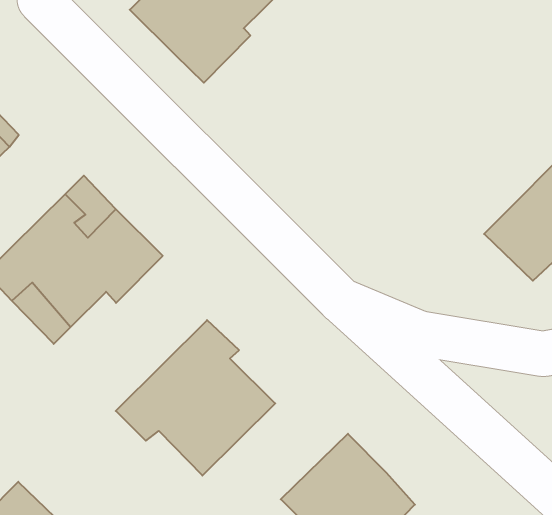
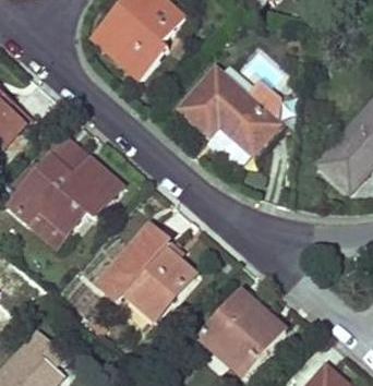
building: none -> [181,68,277,150]

